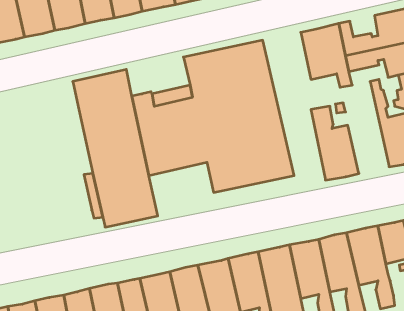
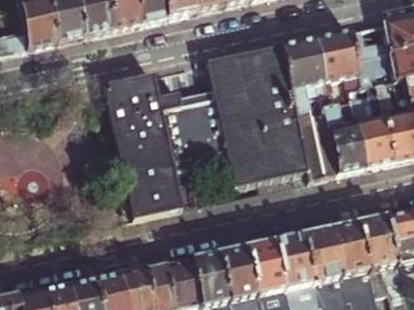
building: none -> [280,36,338,179]
building: none -> [359,82,397,167]

